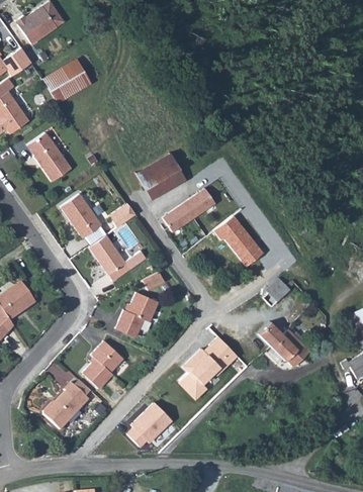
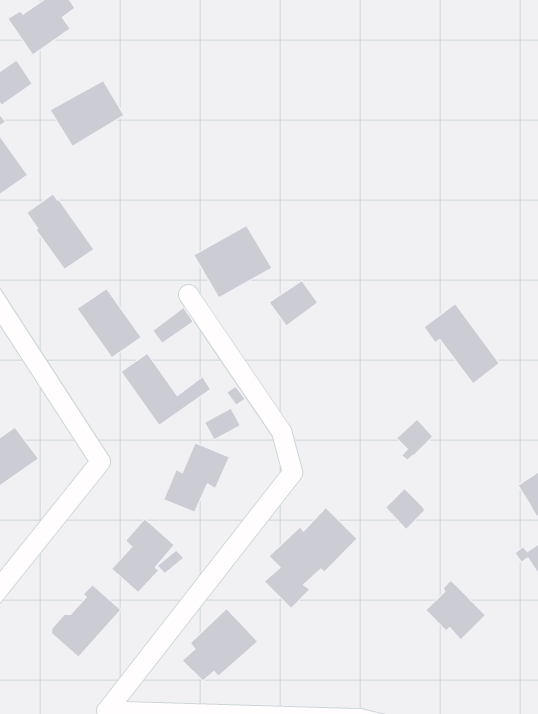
building: [162,203,194,232] -> none
building: [213,215,262,267] -> [424,303,499,384]
building: [271,329,309,368] -> [426,580,486,640]

